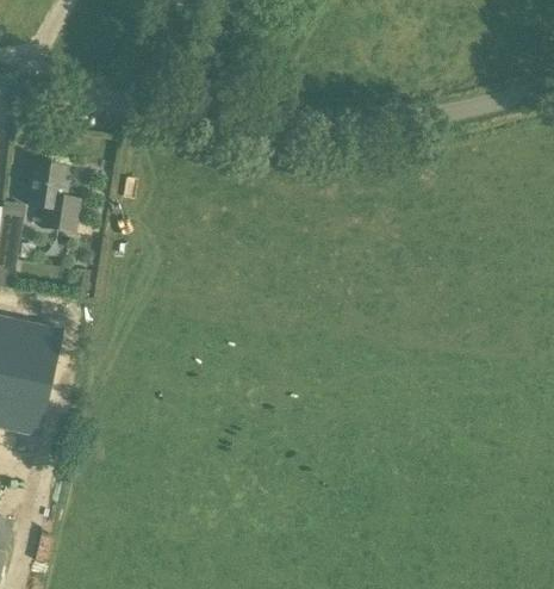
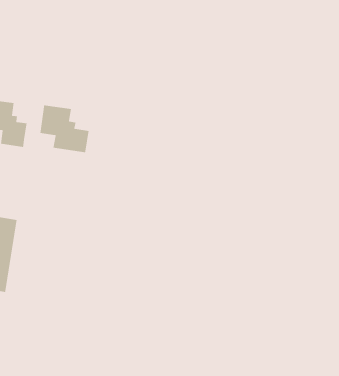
building: none -> [40,104,90,153]

